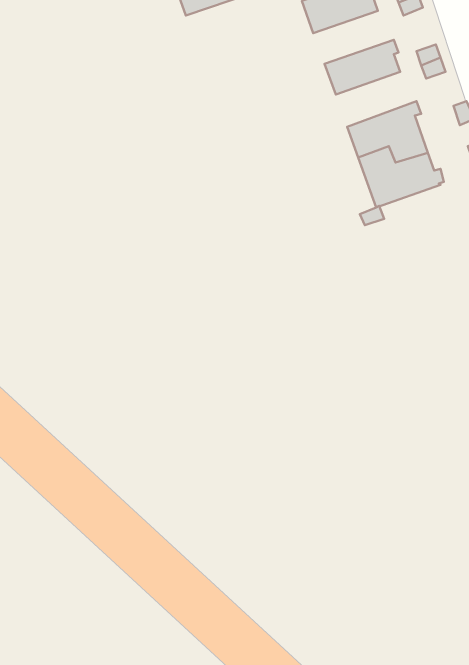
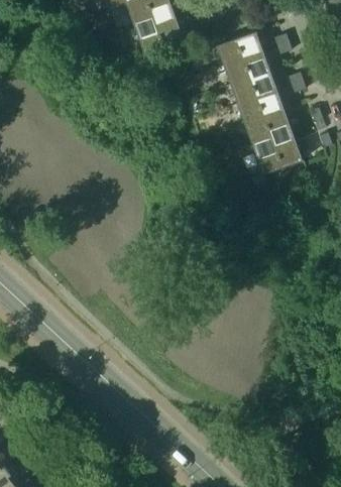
building: none -> [223,51,273,85]
building: none -> [237,90,288,124]

